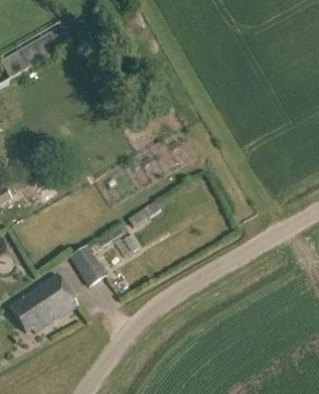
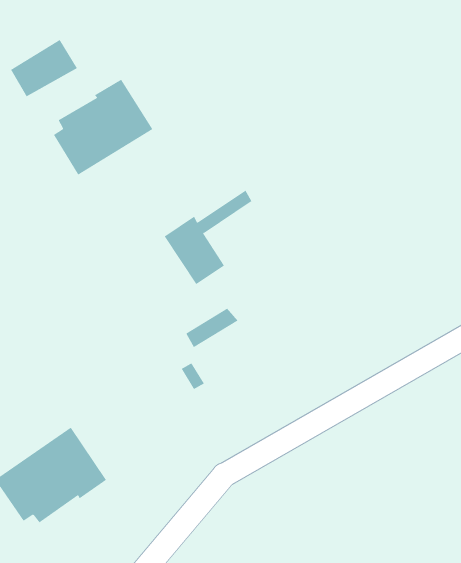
building: none -> [53,79,153,175]
building: [69,228,125,287] -> [164,190,252,285]

